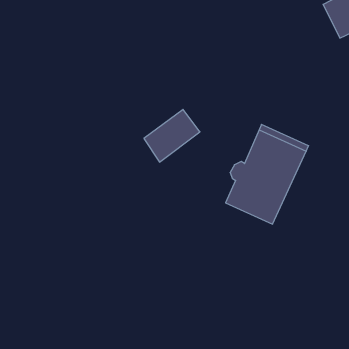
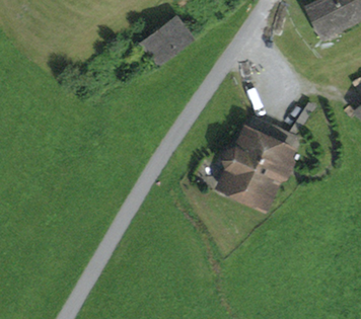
building: [144,109,200,162] -> [140,18,191,66]

